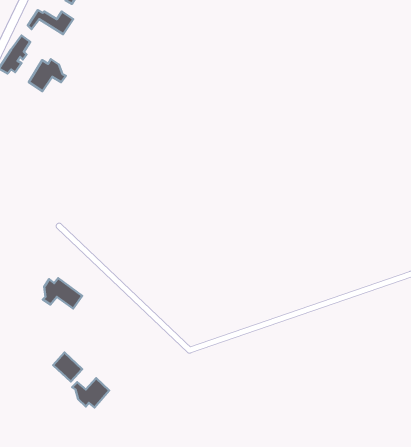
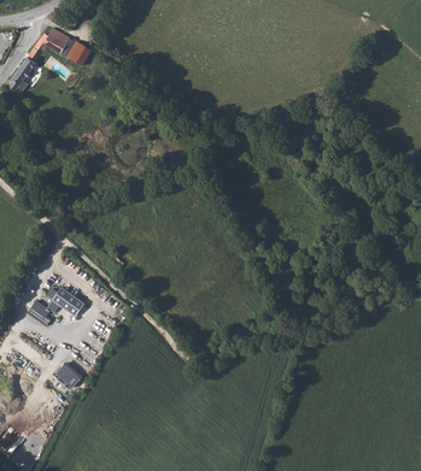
building: [29,59,66,91] -> none
building: [72,378,109,408] -> none

